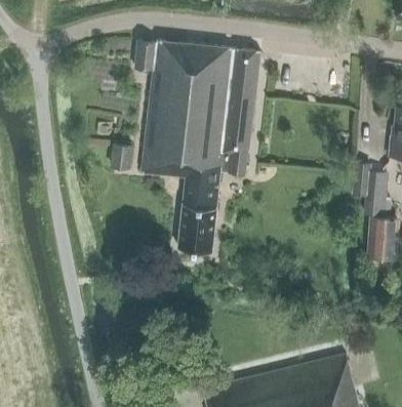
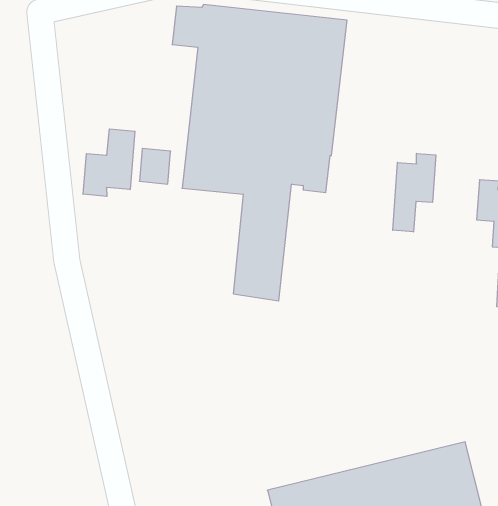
building: none -> [83,129,135,196]
building: none -> [393,153,436,232]

